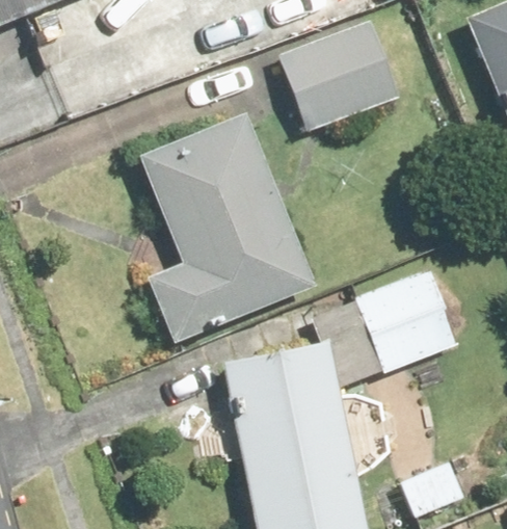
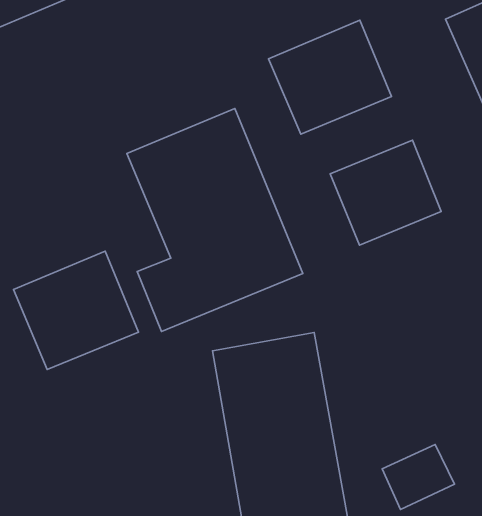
building: none -> [13,251,139,369]
building: [356,267,470,374] -> [330,140,441,245]

